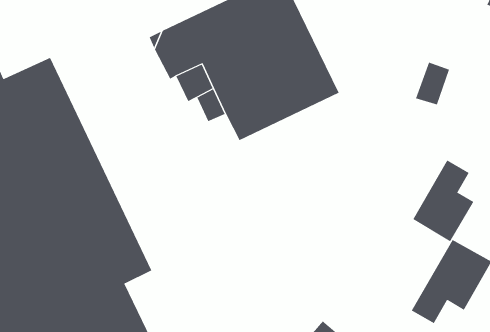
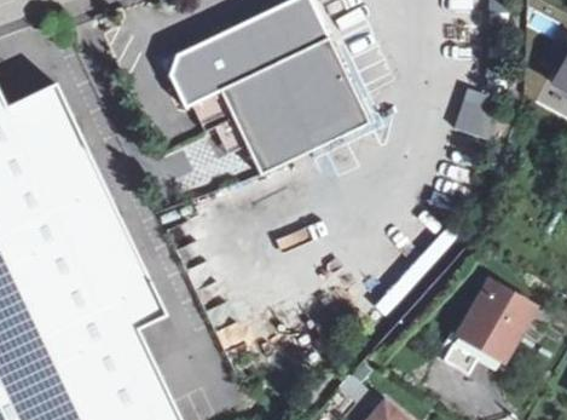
building: [413,160,474,242] -> none

